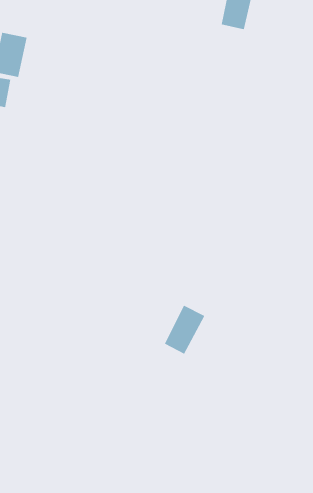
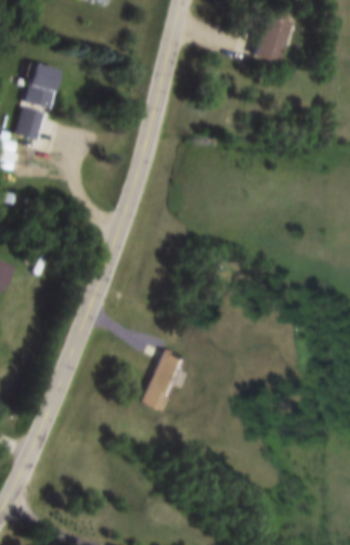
building: [164,305,205,355] -> [145,349,186,399]

